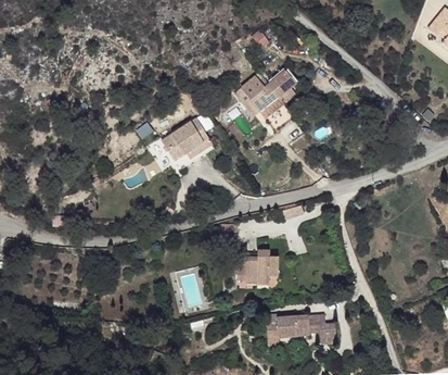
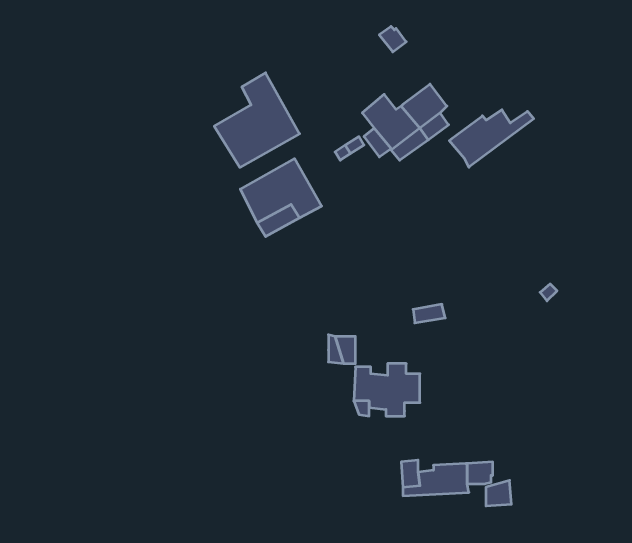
building: none -> [214,73,300,167]
building: none -> [449,110,534,167]

